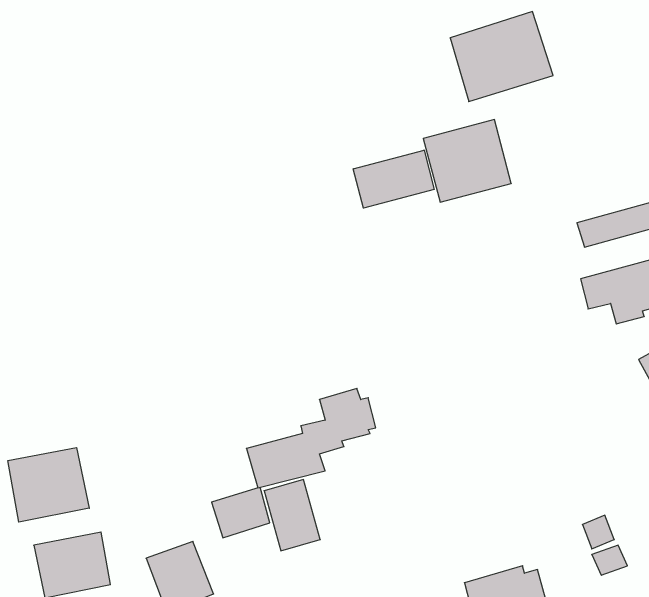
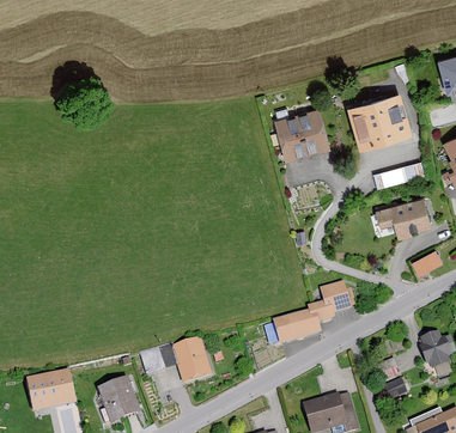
building: [450,12,553,102] -> [347,90,413,147]
building: [353,150,434,208] -> none
building: [246,388,376,488] -> [272,281,354,344]
building: [8,448,89,522] -> none

